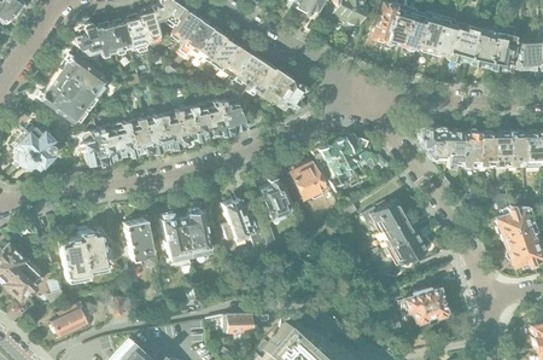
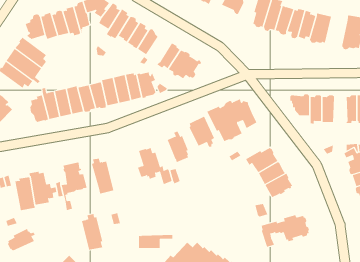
building: [469,28,497,68] -> none
building: [237,54,268,87] -> none
building: [480,132,497,168] -> none
building: [183,208,212,256] -> [81,213,103,250]

